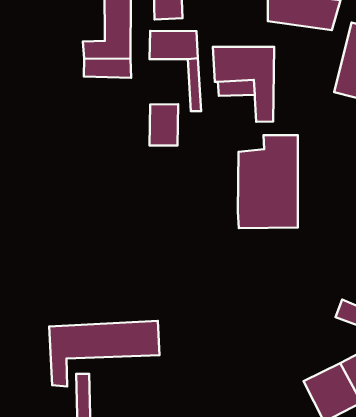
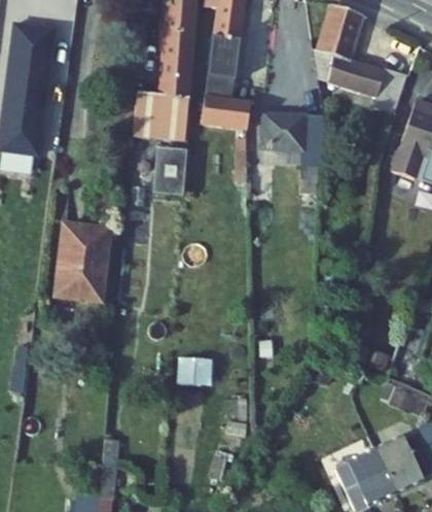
building: [149,104,178,146] -> [152,146,185,191]
building: [238,135,298,228] -> none
building: none -> [52,233,103,311]
building: none -> [175,353,211,381]
building: [49,321,159,386] -> none

